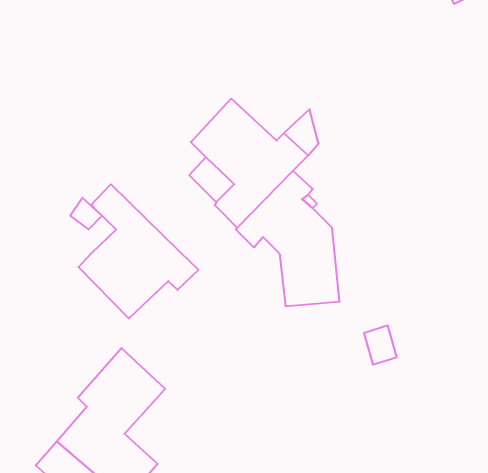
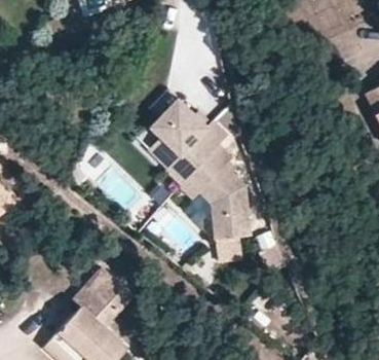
building: [78,184,198,319] -> none

